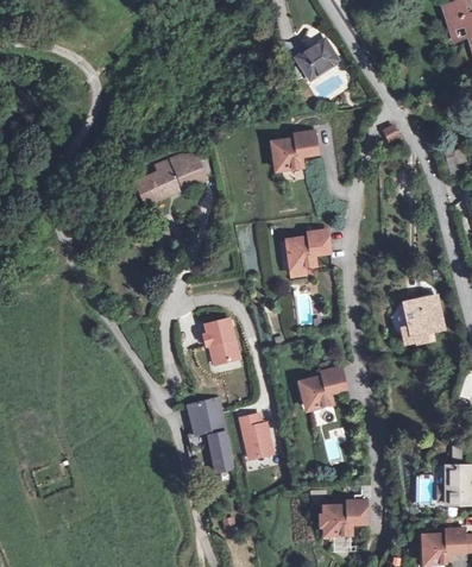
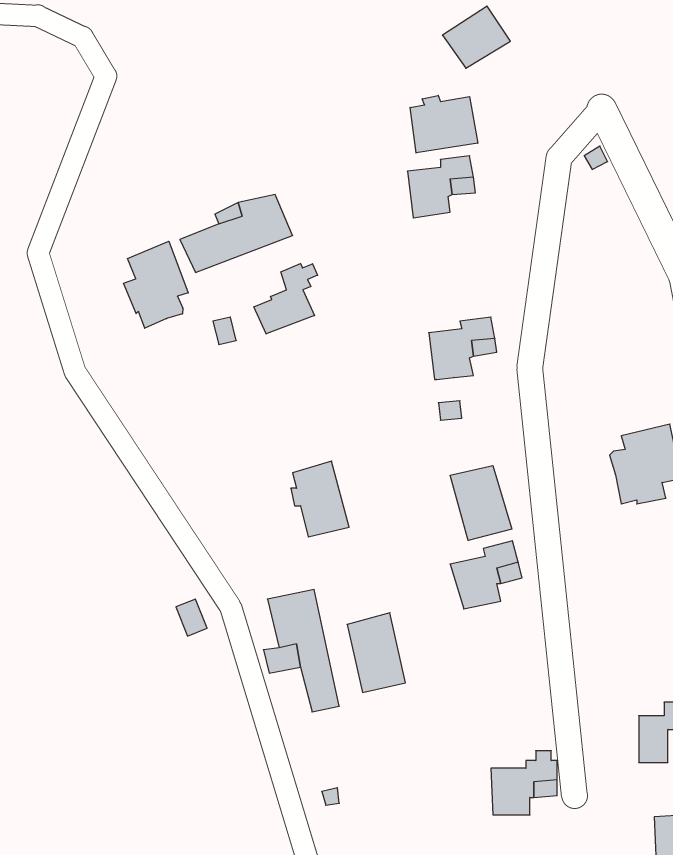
building: none -> [410,95,478,153]
building: none -> [124,241,188,328]
building: none -> [254,264,318,334]
building: none -> [450,466,512,540]

